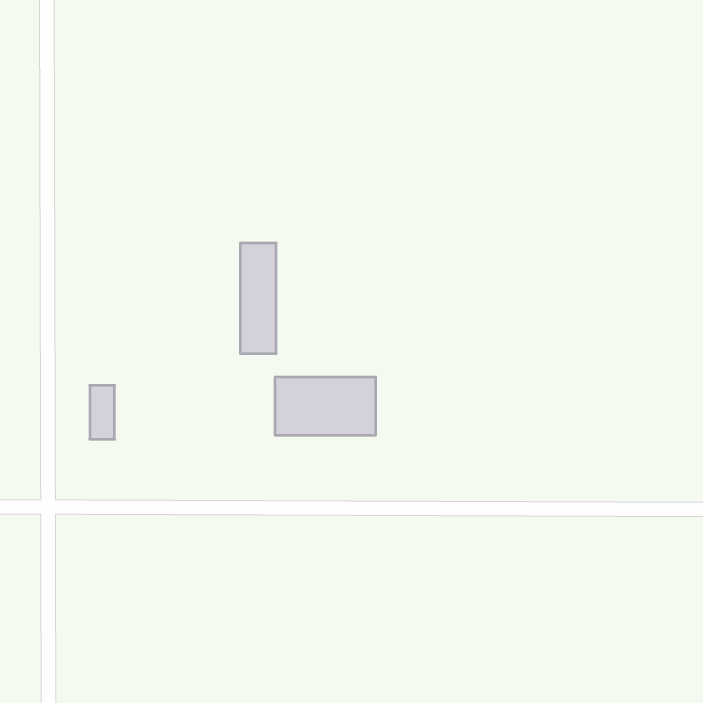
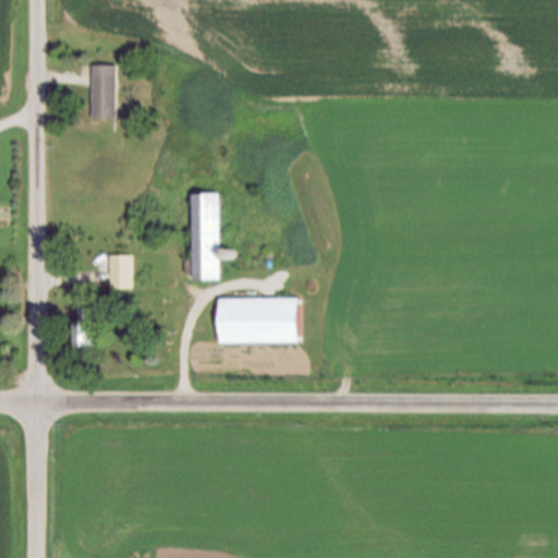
building: none -> [89,65,116,120]
building: none -> [109,255,131,288]

